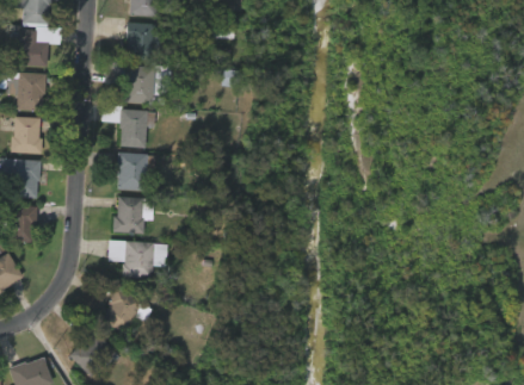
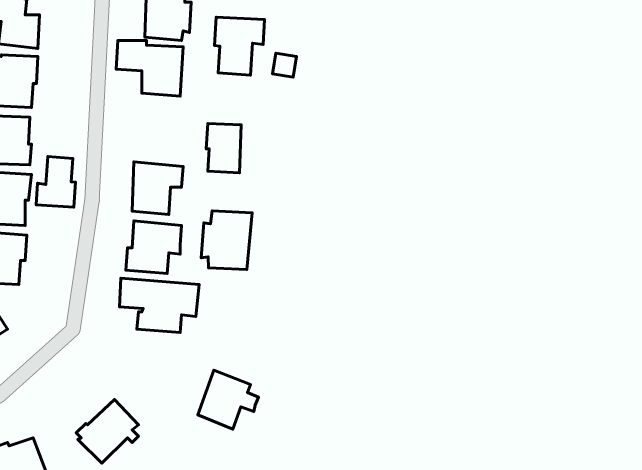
building: none -> [214,17,265,75]
building: [121,108,147,145] -> [206,123,241,173]
building: none -> [36,157,75,207]
building: none -> [201,211,252,269]
building: [106,290,152,334] -> [198,370,259,429]

